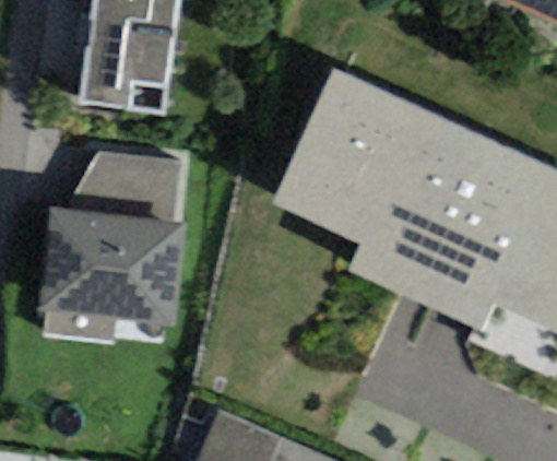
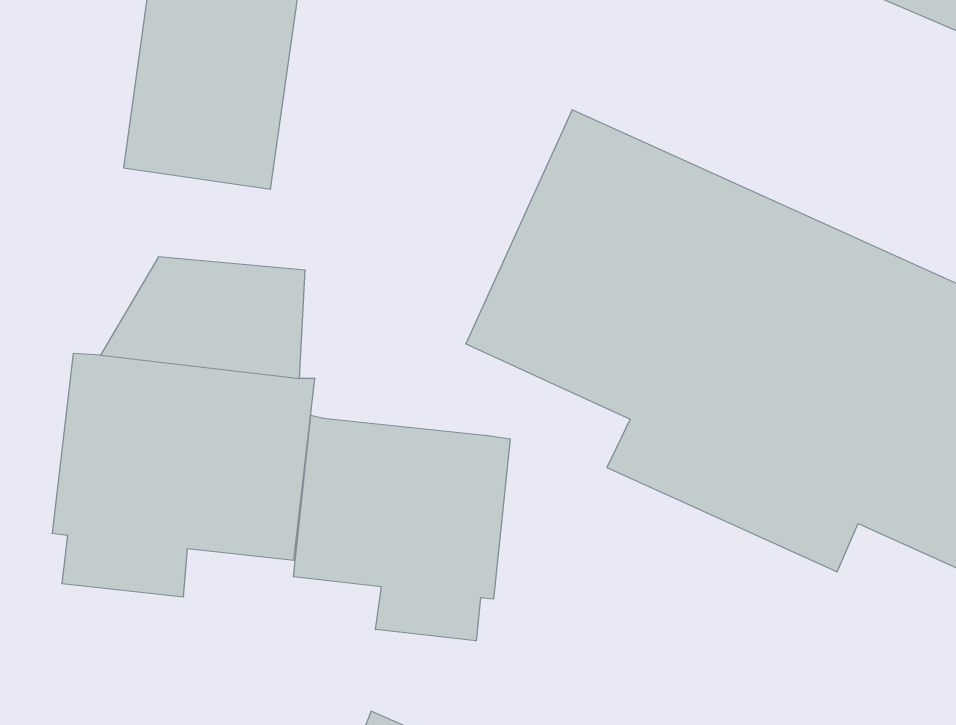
building: none -> [294,415,510,641]

